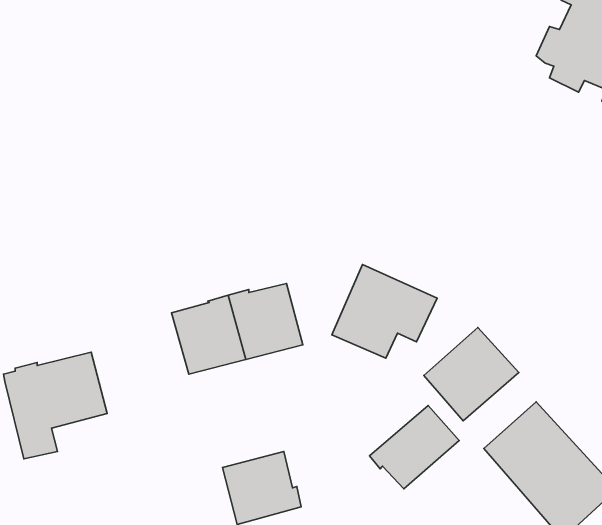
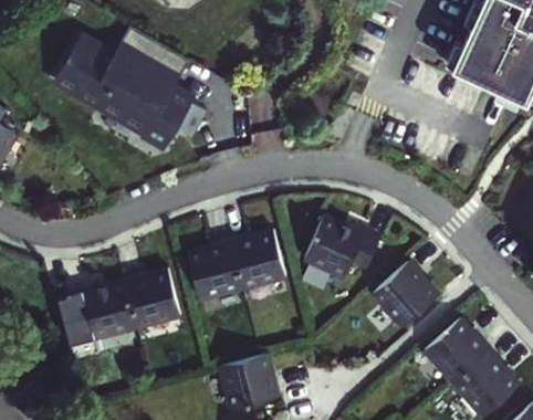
building: none -> [60,31,212,151]
building: none -> [118,271,175,328]
building: [370,405,459,489] -> none

